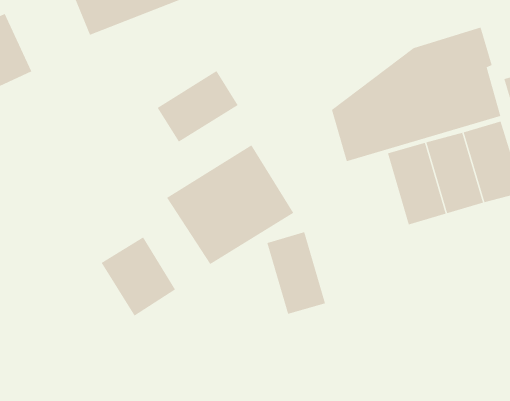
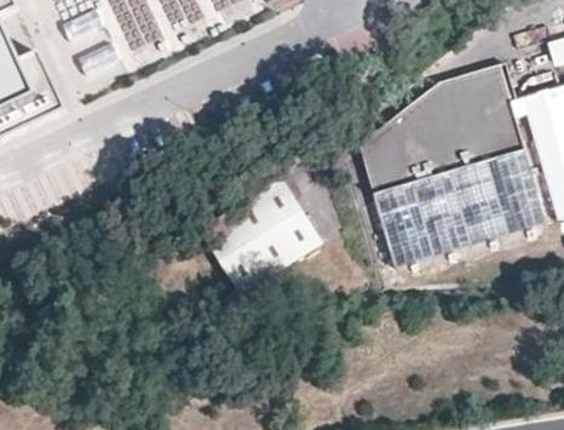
building: [157,70,239,143] -> none
building: [266,232,326,315] -> [375,183,433,264]
building: [101,236,176,317] -> none

